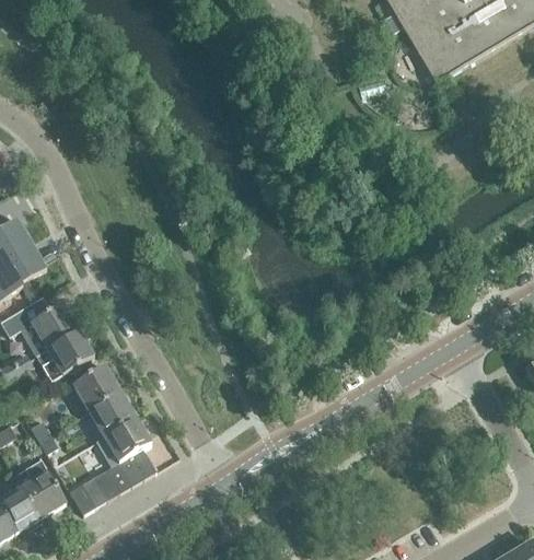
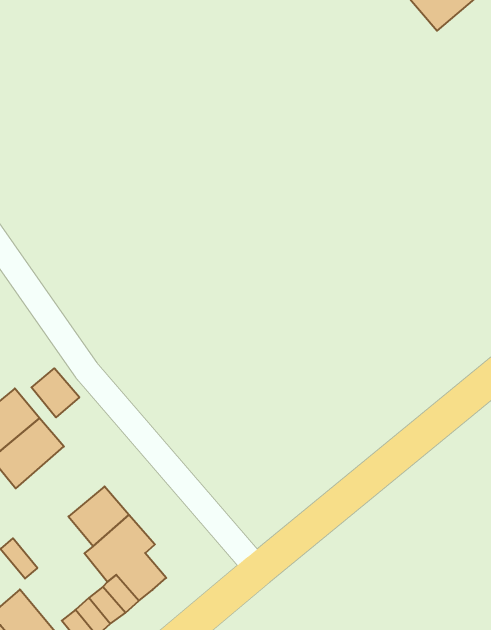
building: none -> [31,368,79,417]
building: [72,364,119,409] -> none

